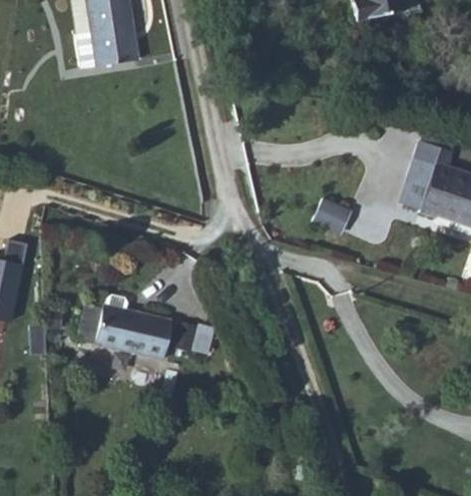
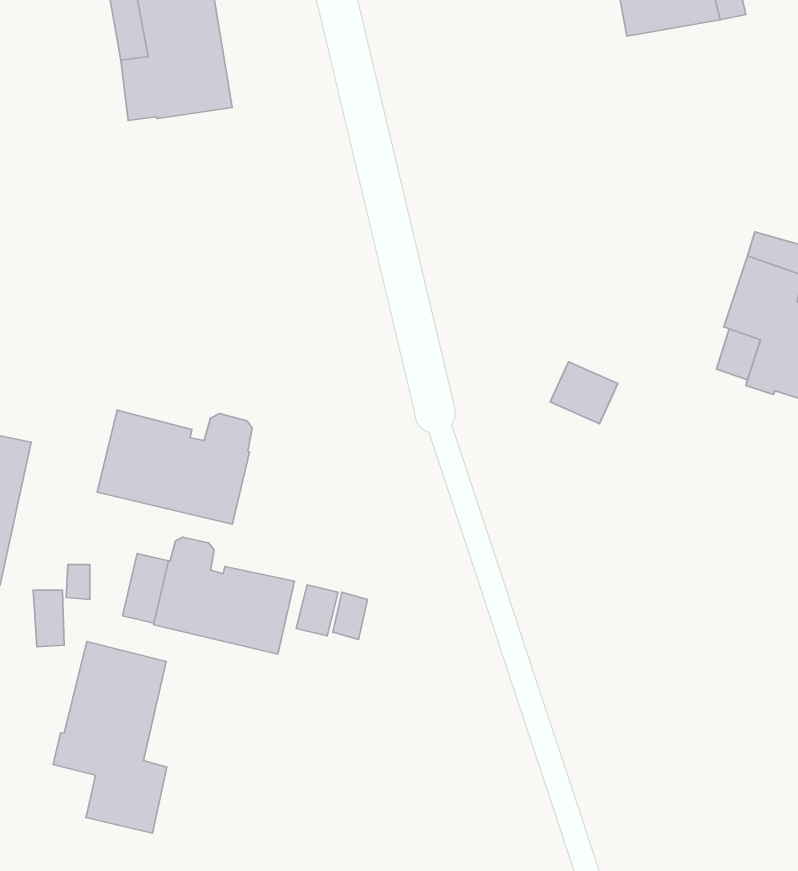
building: none -> [97,410,252,524]
building: none -> [53,641,167,833]

